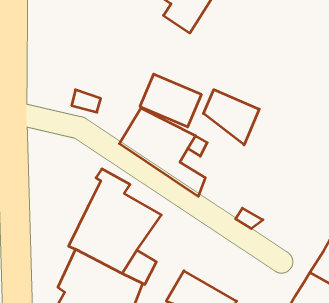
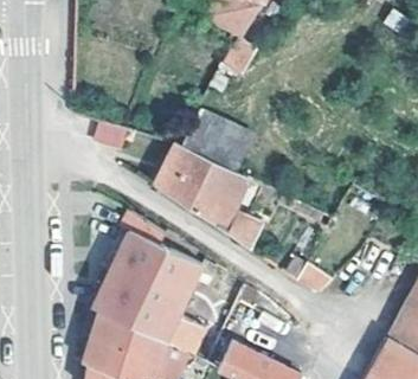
building: [203,90,259,145] -> none

